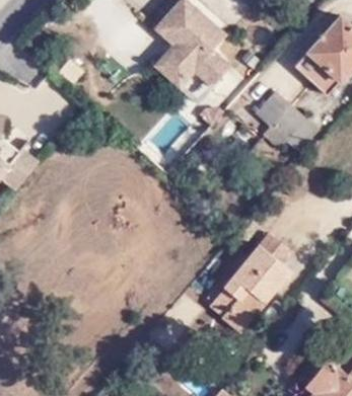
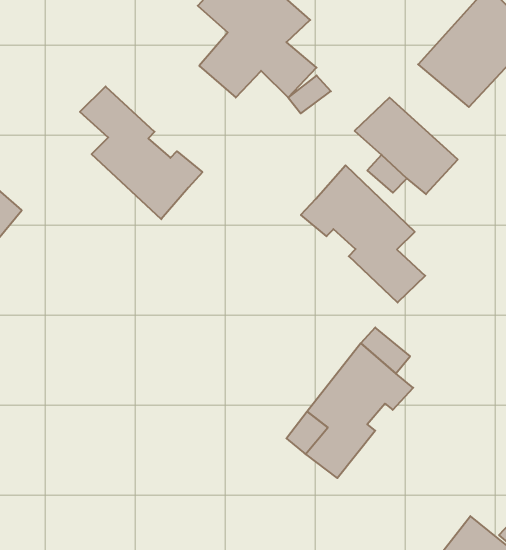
building: none -> [80,86,202,219]
building: none -> [301,165,425,303]

